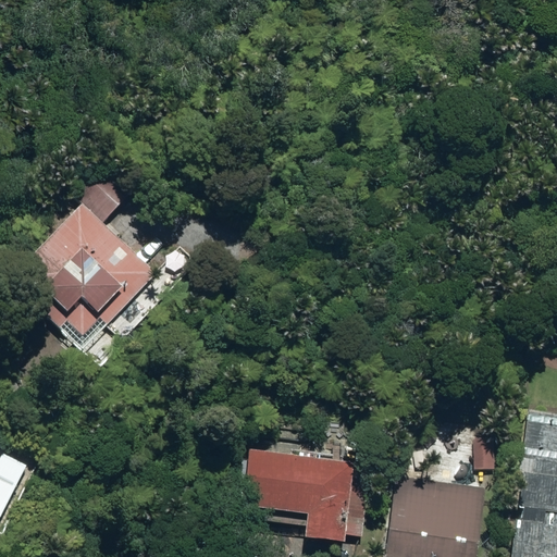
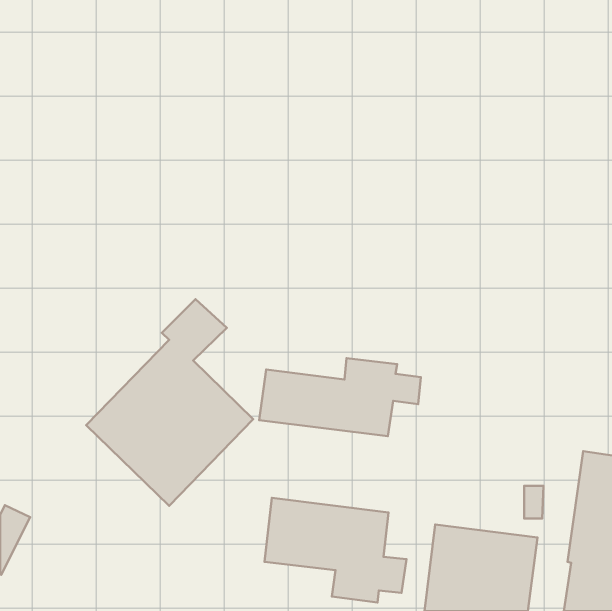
building: [7,166,158,354] -> [86,299,253,506]
building: none -> [259,358,421,436]

